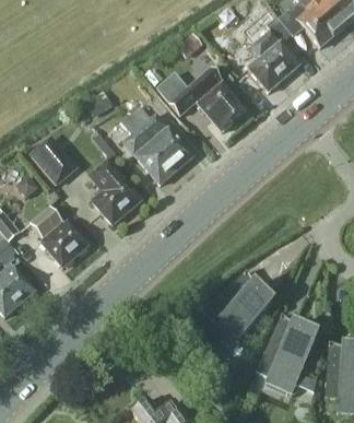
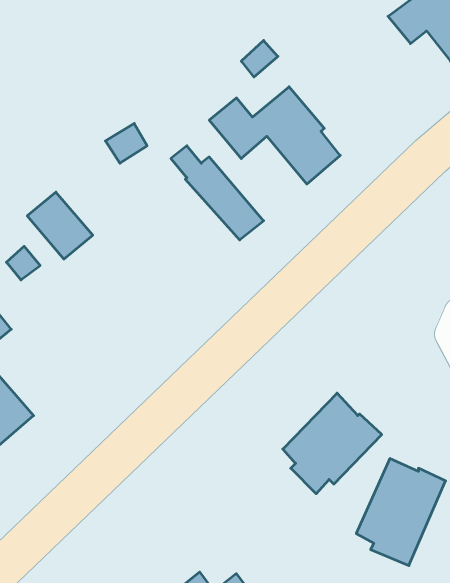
building: [247,16,299,91] -> none
building: [120,114,176,184] -> none
building: [91,160,141,224] -> none
building: [30,205,87,267] -> none

